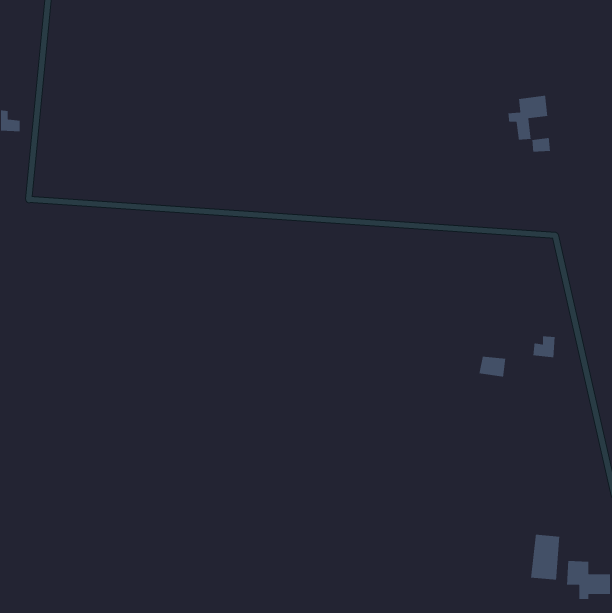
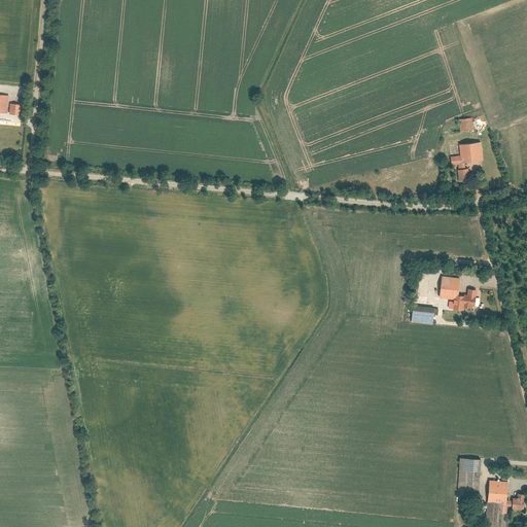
building: [507,95,548,141] -> [449,142,484,181]
building: none -> [438,277,460,312]

